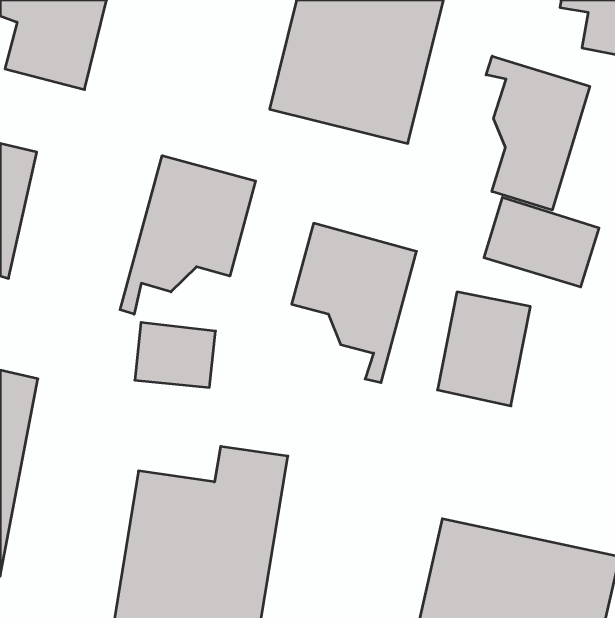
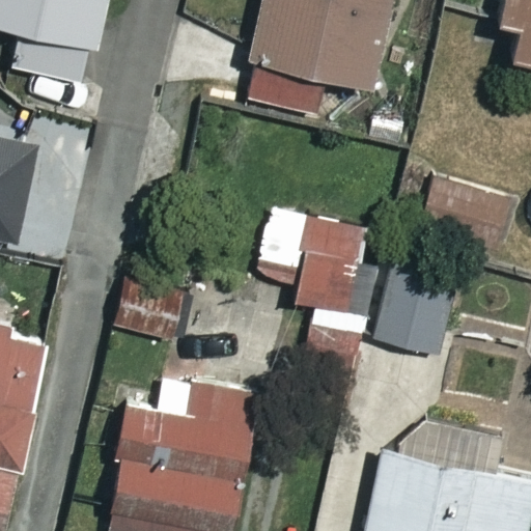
building: [486,56,590,210] -> none
building: [120,156,256,314] -> none

